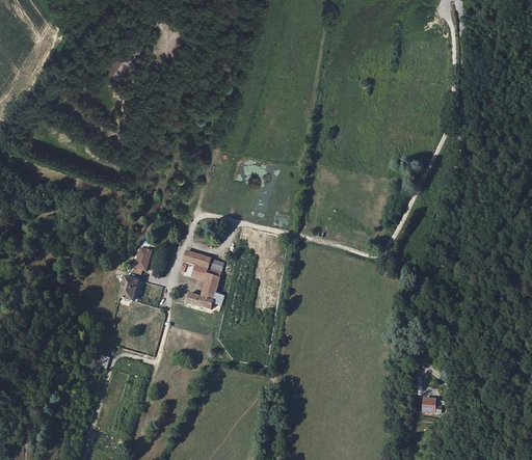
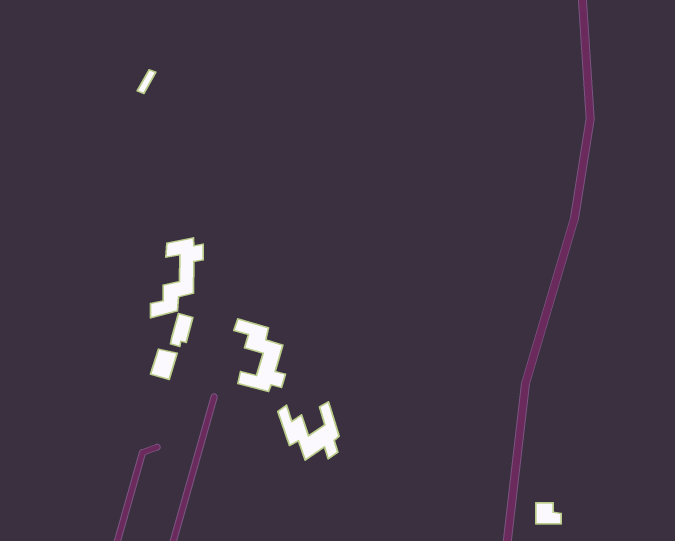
building: none -> [150,238,203,318]
building: none -> [278,402,339,460]

